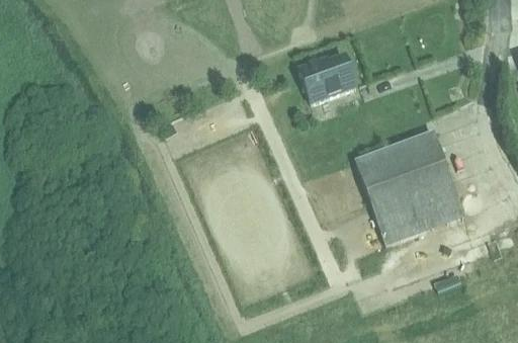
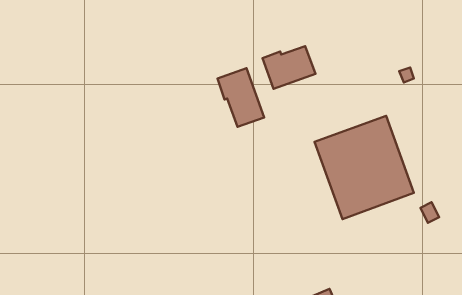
building: none -> [217,68,264,127]

